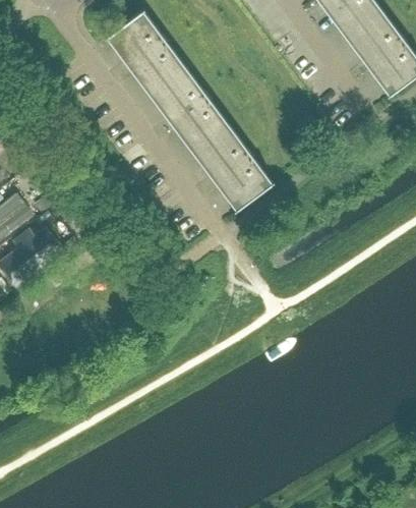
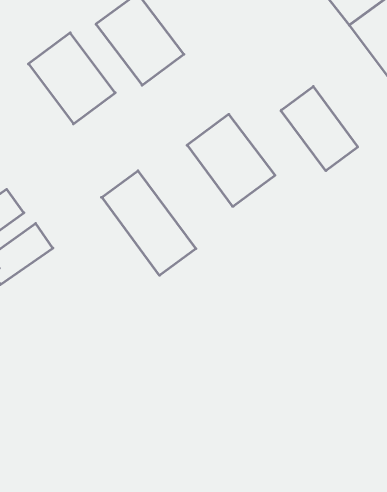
building: [146,65,229,152] -> [28,33,115,124]
building: none -> [281,86,358,171]
building: none -> [101,171,196,275]

